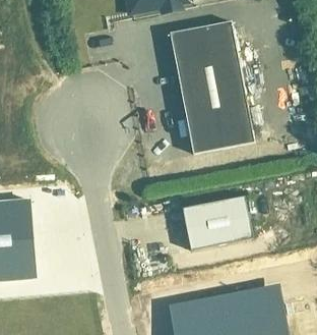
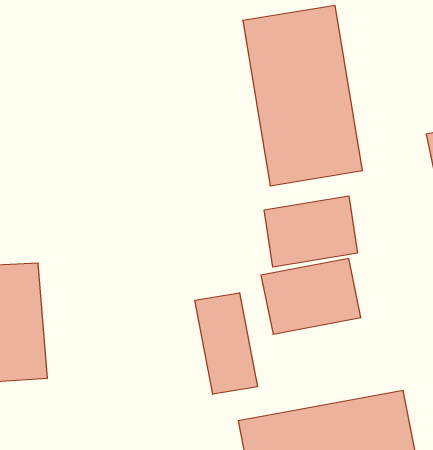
building: none -> [264,196,357,267]
building: none -> [195,293,257,394]

